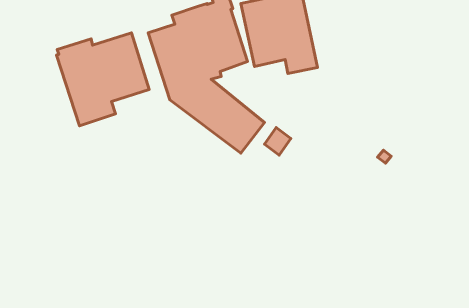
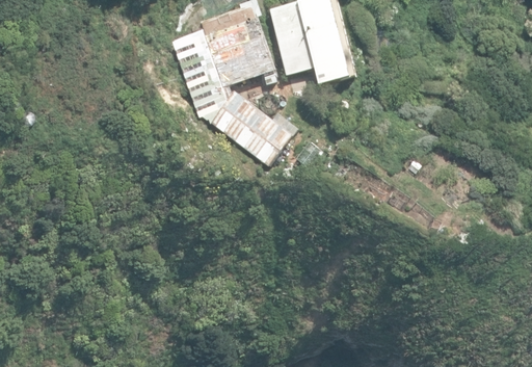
building: [56,33,149,126] -> none

